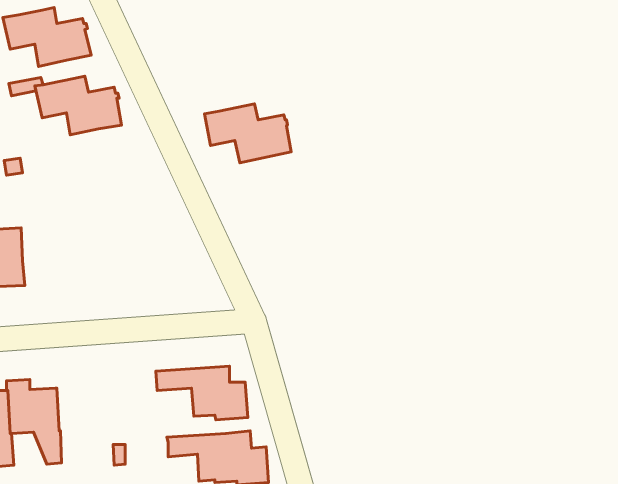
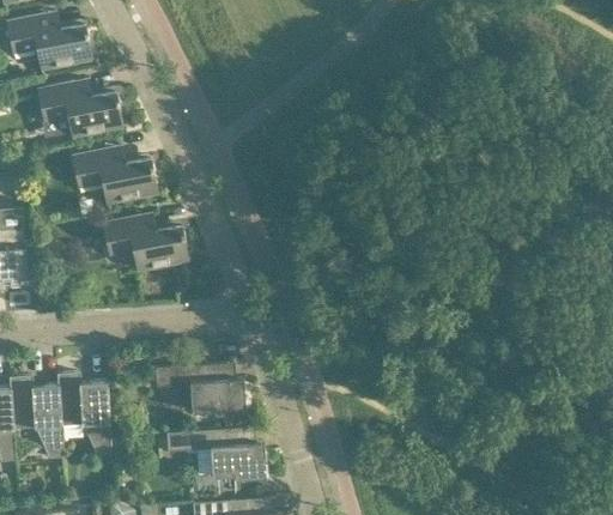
building: [204,104,291,163] -> [71,146,156,204]
building: none -> [102,213,187,271]
building: none -> [56,372,110,455]

